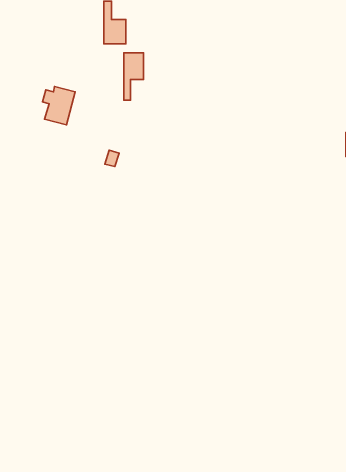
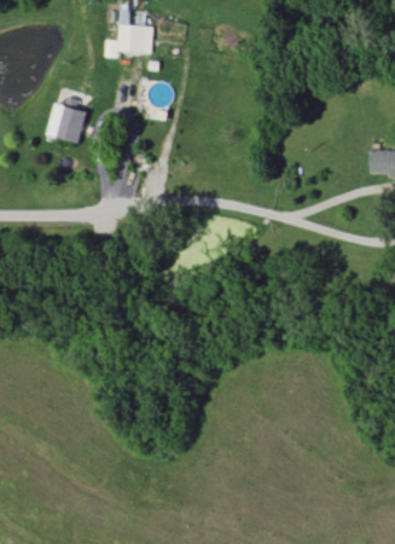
building: [124,53,143,100] -> none

